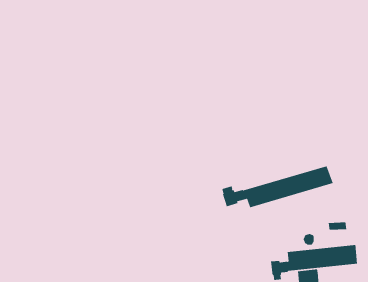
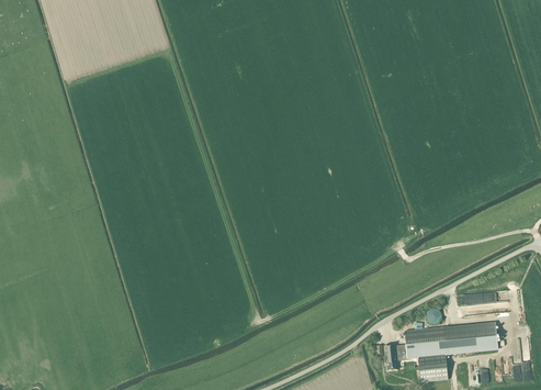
building: [222,165,334,208] -> none

